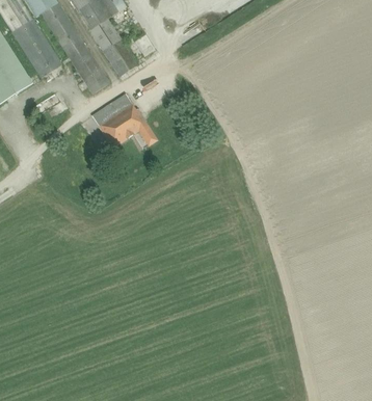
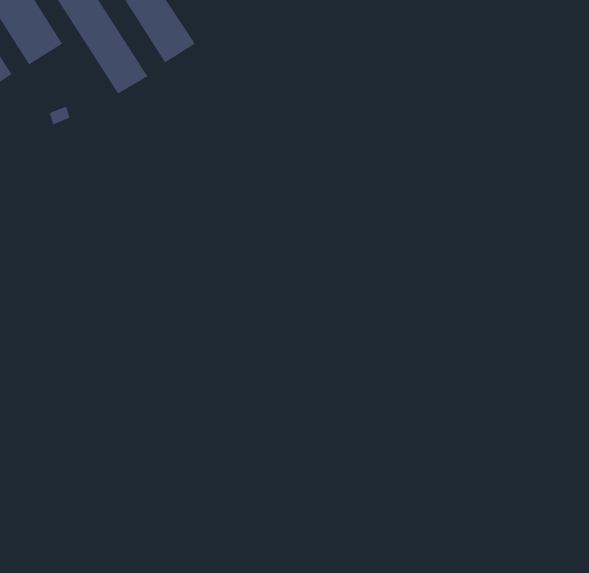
building: [91,93,156,148] -> none

